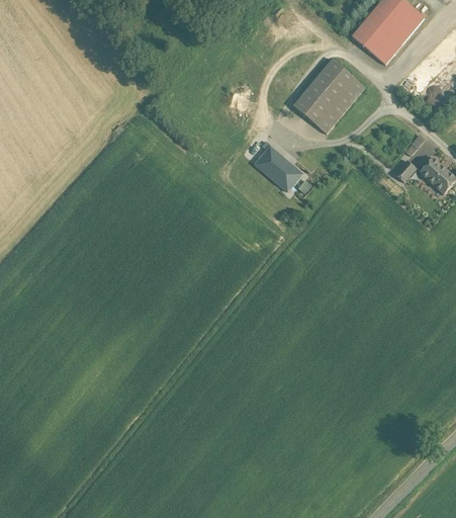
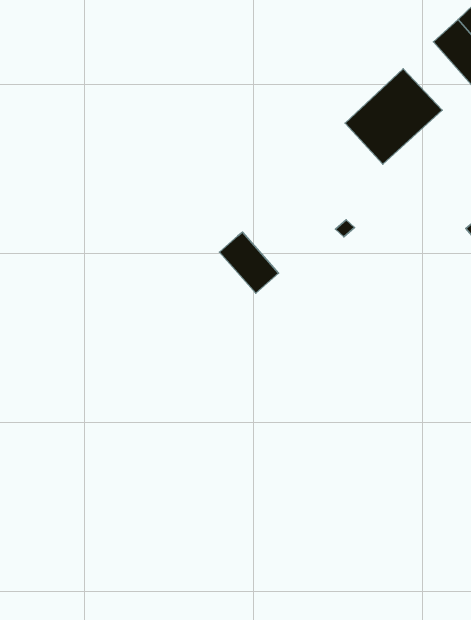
building: [255,146,301,190] -> [220,232,279,293]

